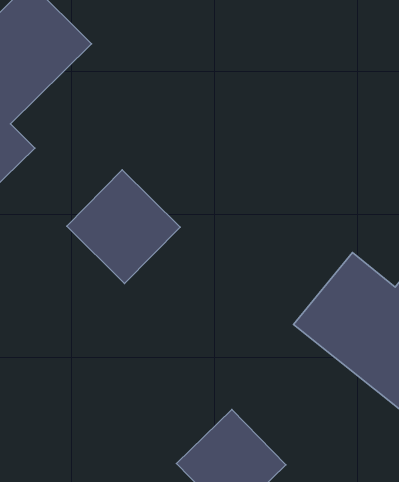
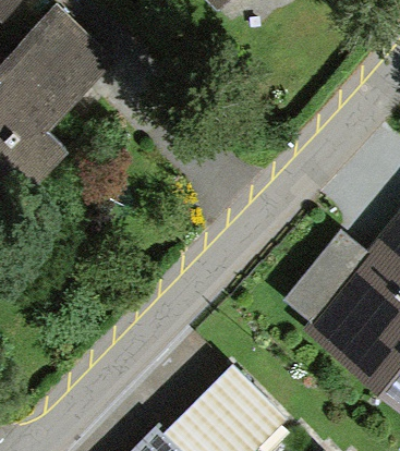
building: [67,170,180,283] -> none

